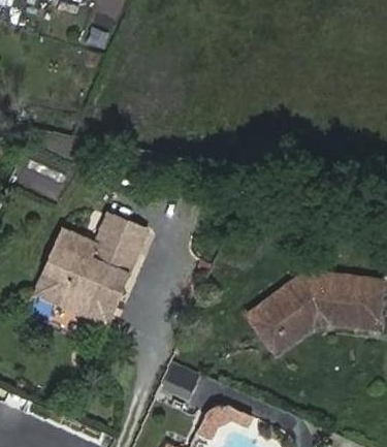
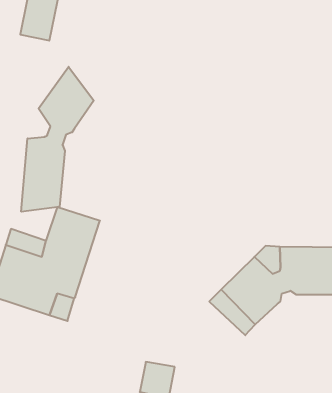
building: none -> [21,67,94,212]

